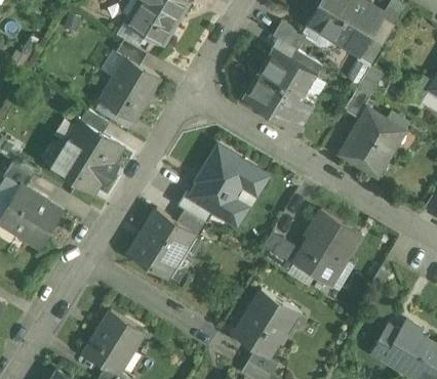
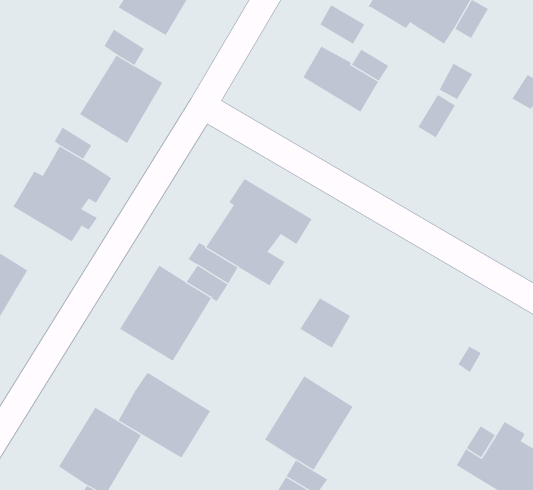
building: [247,74,302,123] -> none
building: [340,109,403,176] -> none
building: [293,210,361,284] -> none
building: none -> [118,372,211,459]

